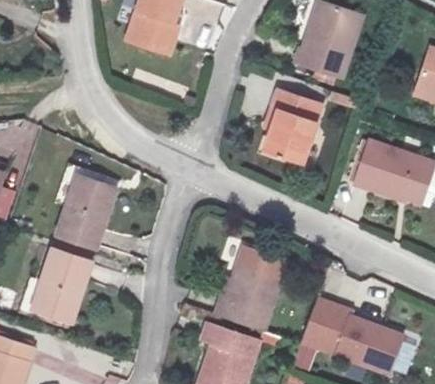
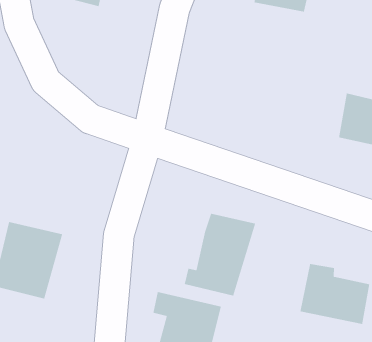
building: [260,86,315,164] -> none
building: [62,159,132,237] -> none

